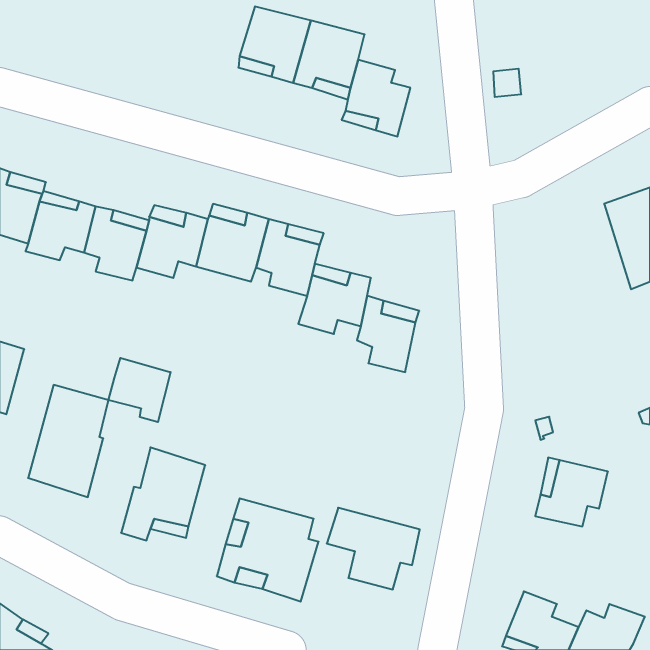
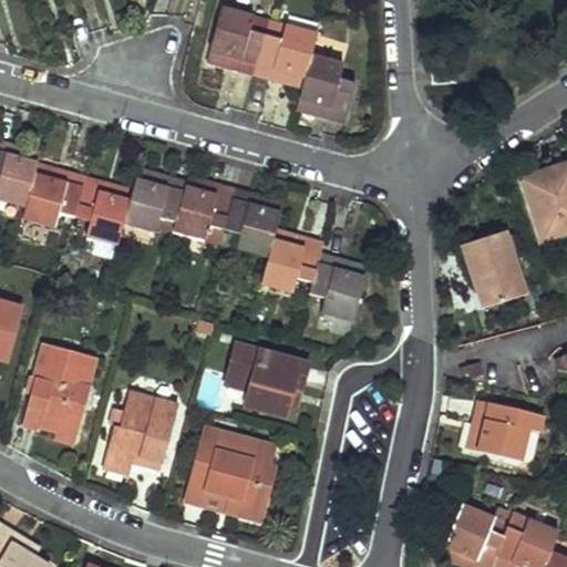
building: none -> [465,230,527,306]
building: [108,358,171,422] -> none
building: [327,508,420,589] -> [226,346,307,416]

